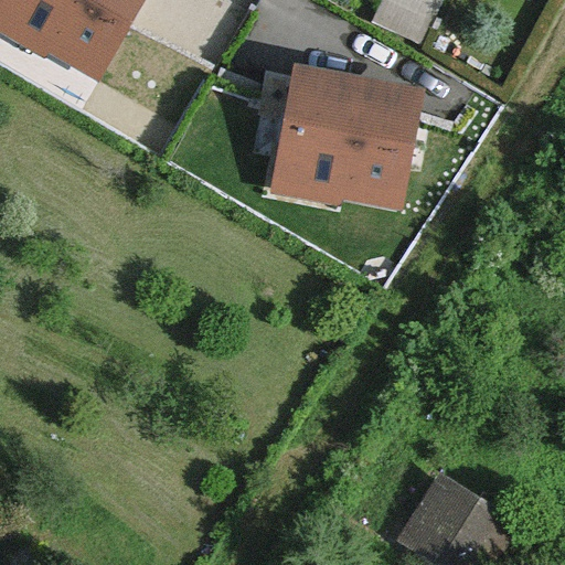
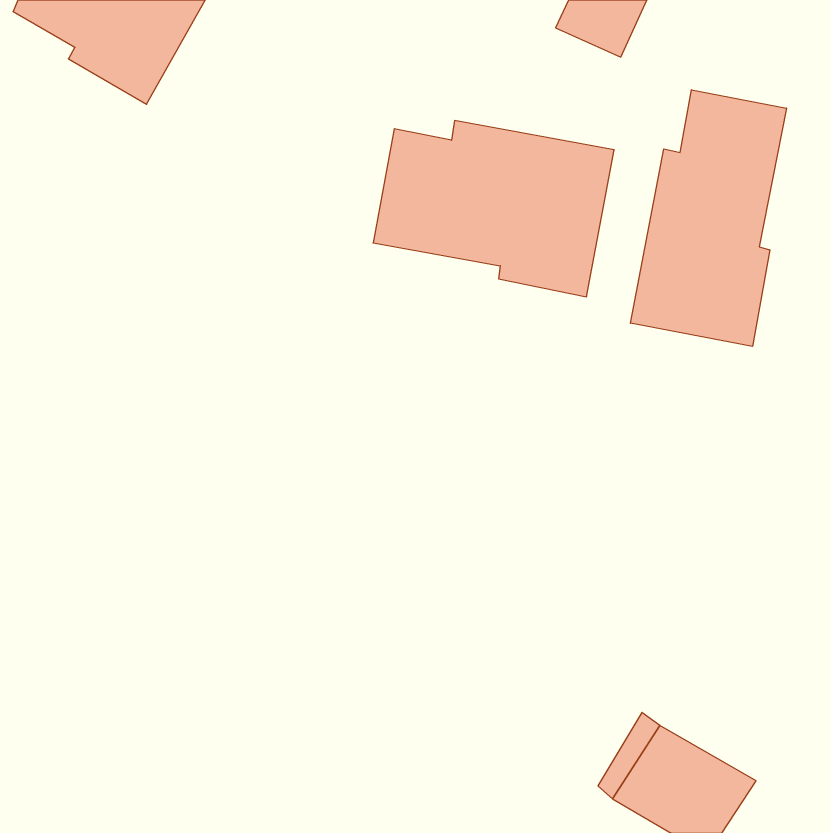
building: none -> [630,90,786,346]

